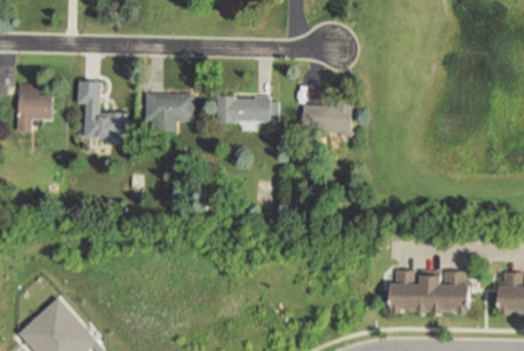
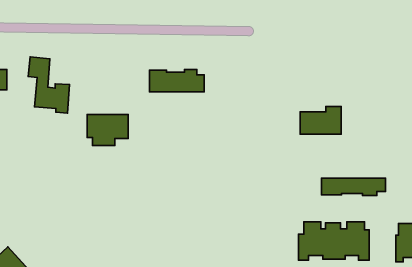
building: [145,94,192,130] -> [87,114,128,146]
building: [305,98,352,130] -> [300,107,341,134]
building: none -> [322,178,385,196]

